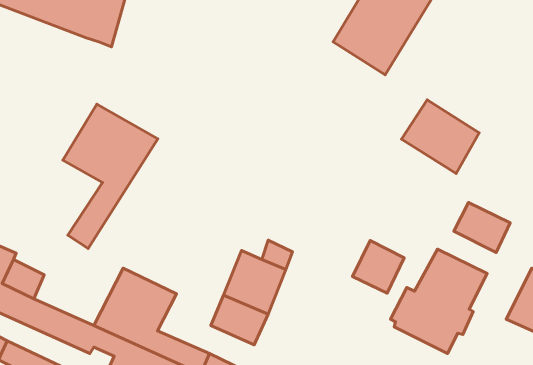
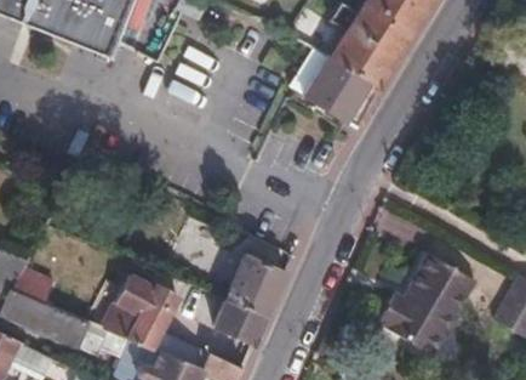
building: [402,100,479,174] -> [304,57,378,127]
building: [63,104,158,249] -> none
building: [454,202,510,252] -> none
building: [352,241,404,293] -> none

